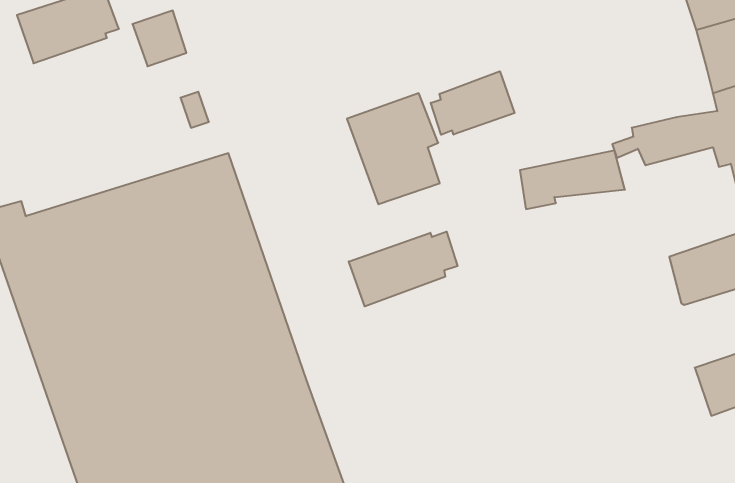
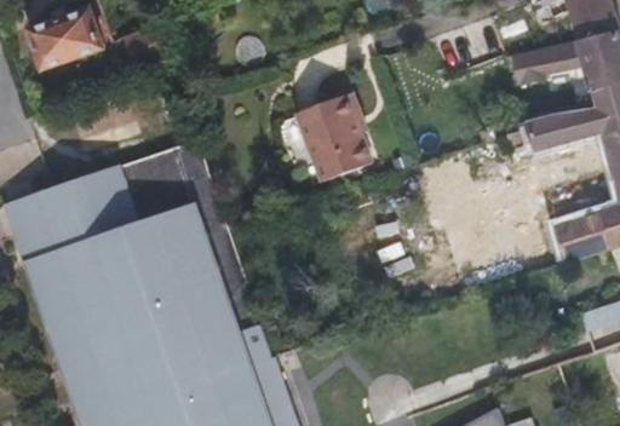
building: [431,71,515,135] -> none
building: [520,151,625,209] -> [500,41,585,88]
building: [349,232,458,306] -> none

